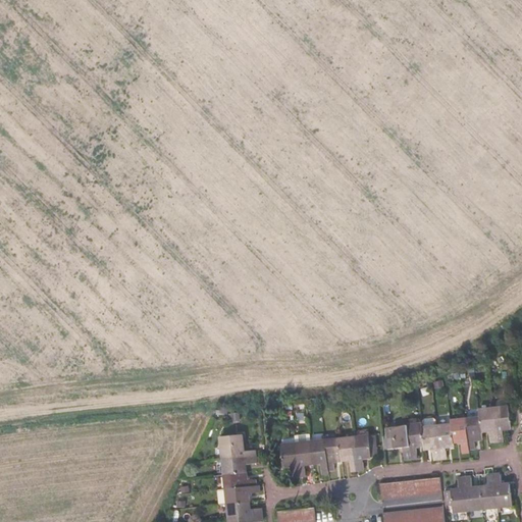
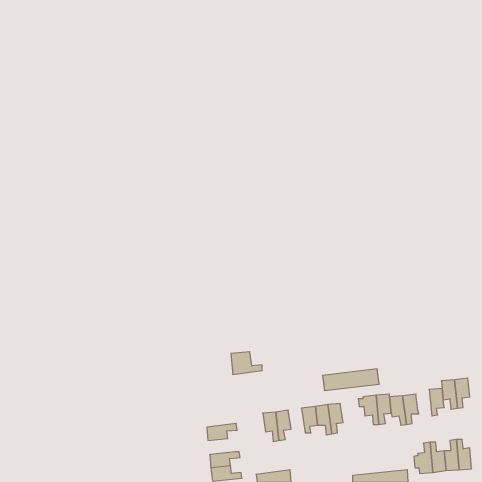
building: [449,420,466,453] -> none
building: [221,436,255,461] -> [231,352,262,374]
building: [311,440,329,472] -> none
building: [224,473,254,490] -> none
building: [376,478,437,502] -> [322,369,379,391]

